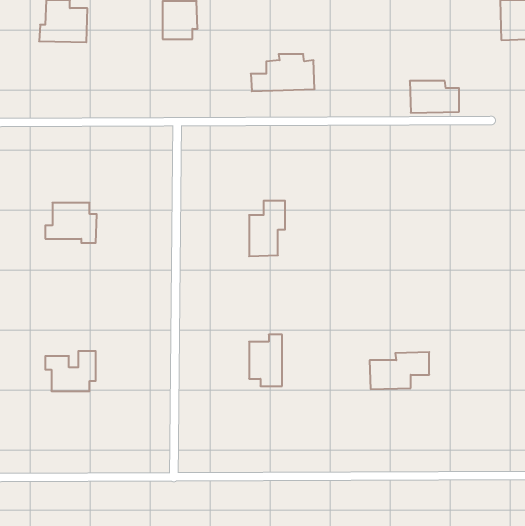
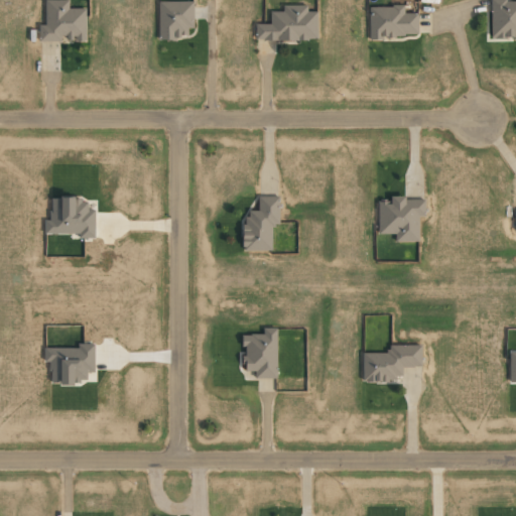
building: [251,54,315,91] -> [256,5,318,41]
building: [410,81,459,113] -> [370,6,418,37]
building: none -> [379,198,425,242]

